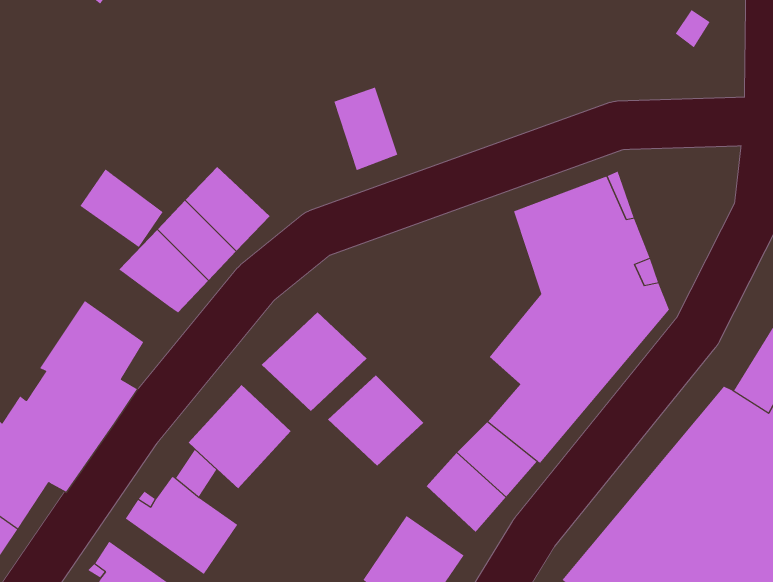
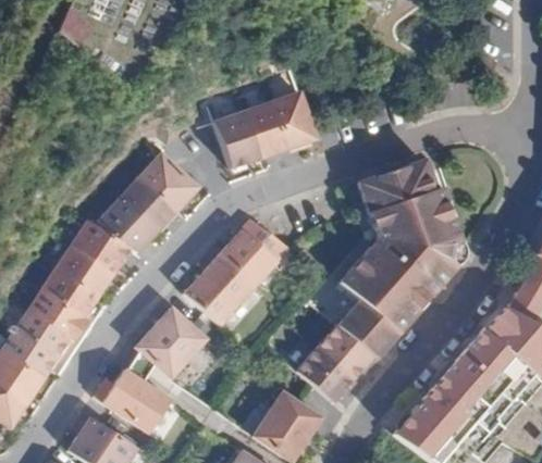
building: none -> [266,91,310,148]
building: none -> [210,112,252,168]
building: [79,169,164,248] -> [70,221,126,274]
building: [327,374,424,466] -> [226,223,292,285]

